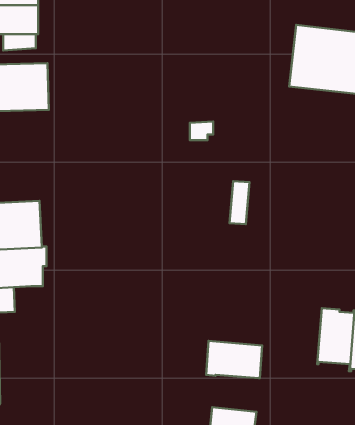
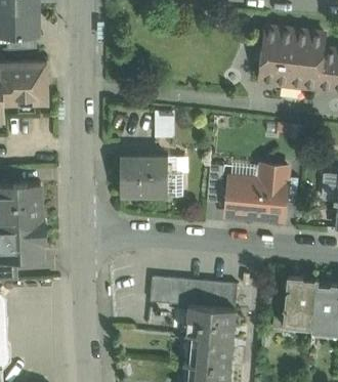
building: none -> [121,157,184,196]
building: none -> [226,164,288,219]
building: none -> [150,277,238,309]
building: none -> [192,335,233,368]

